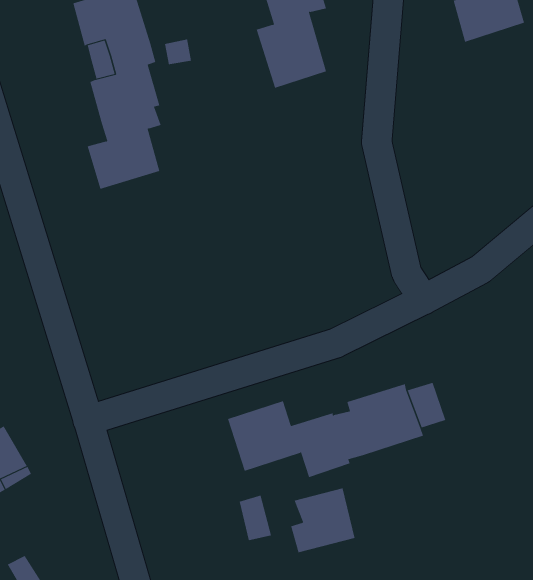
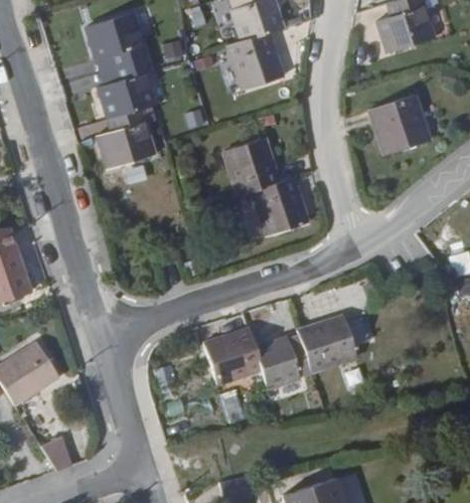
building: none -> [371,96,429,155]
building: none -> [226,139,308,234]
building: [290,488,355,553] -> none

